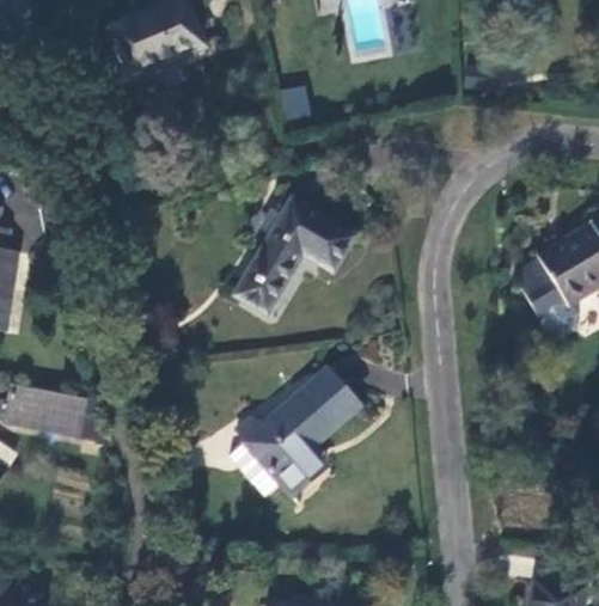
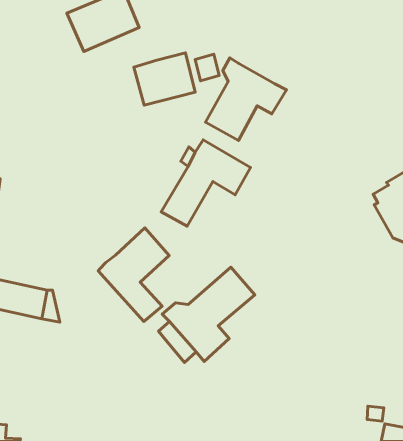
building: none -> [134,53,195,105]
building: none -> [205,58,286,141]
building: none -> [98,228,169,322]

